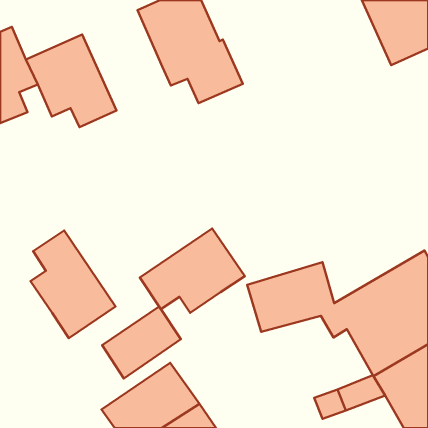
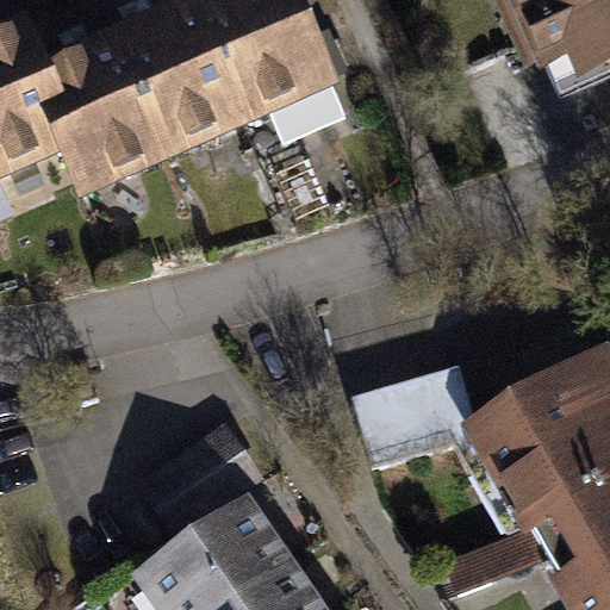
building: none -> [117,14,231,157]
building: [140,228,245,313] -> none
building: [31,231,115,338] -> none

